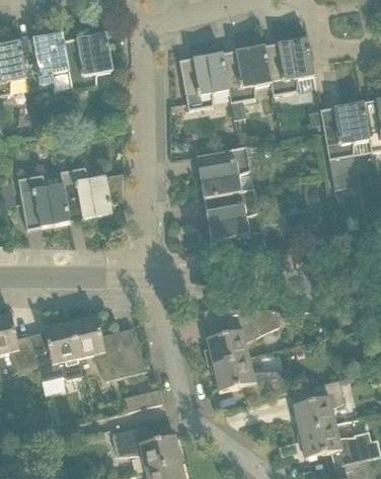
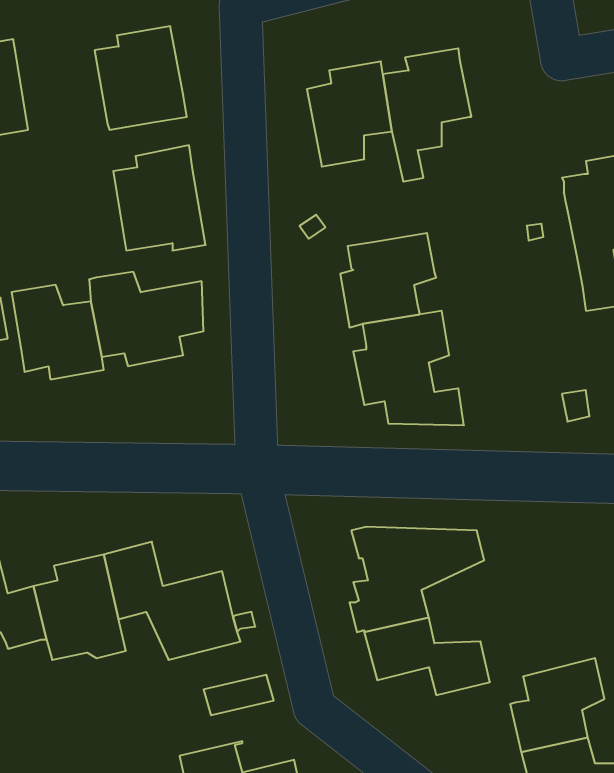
building: [20,30,71,88] -> [113,145,206,250]
building: [264,35,315,94] -> none

